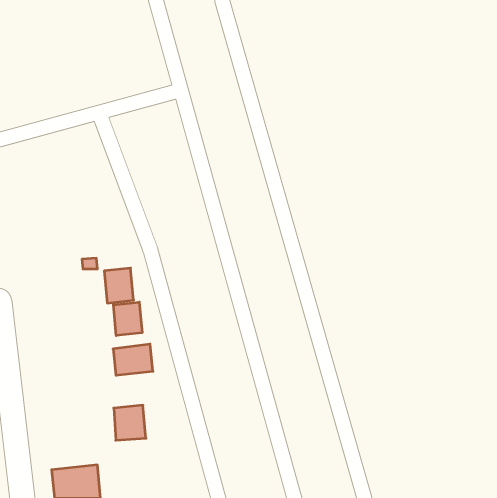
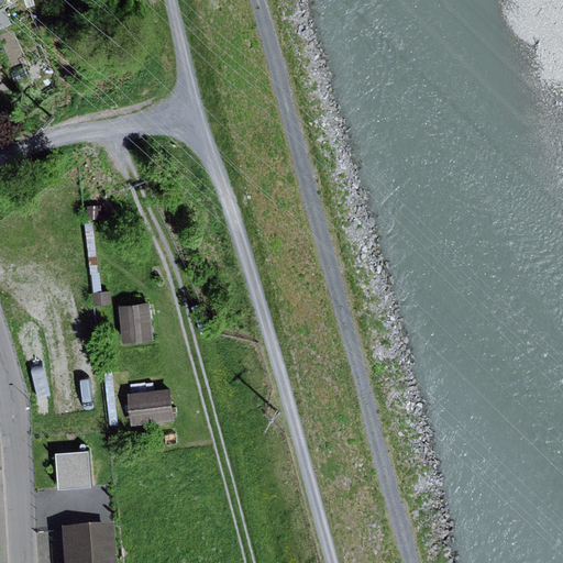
building: [113,302,142,336] -> none
building: [114,405,146,440] -> [56,450,92,489]

